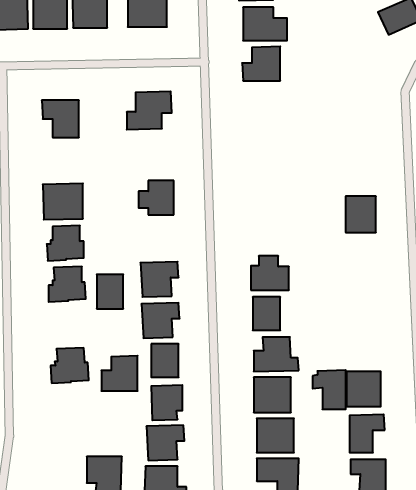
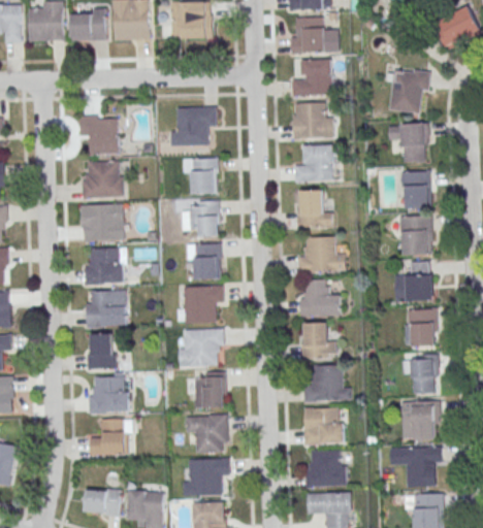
building: none -> [388,70,422,112]
building: none -> [292,103,333,138]
building: none -> [389,124,428,162]
building: none -> [294,144,333,183]
building: none -> [183,158,218,194]
building: none -> [83,161,124,199]
building: none -> [401,170,429,208]
building: none -> [297,190,332,227]
building: none -> [298,236,346,272]
building: none -> [188,242,221,279]
building: none -> [395,262,433,302]
building: [97,274,123,309] -> [88,333,116,369]
building: none -> [405,308,437,345]
building: [101,356,138,391] -> [90,418,128,455]
building: [313,370,346,409] -> [403,353,438,394]
building: none -> [84,489,123,516]

